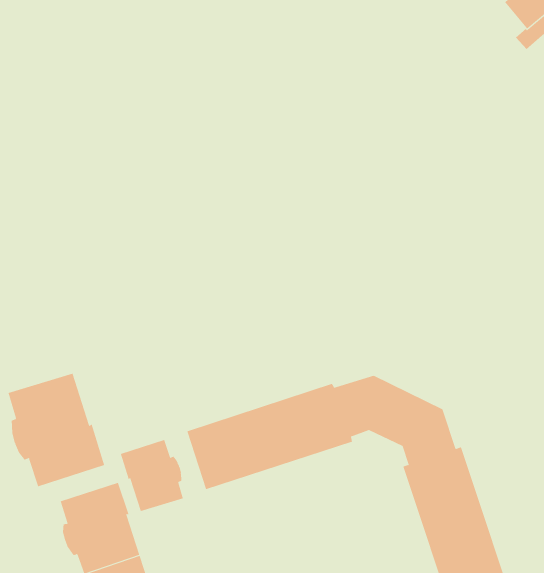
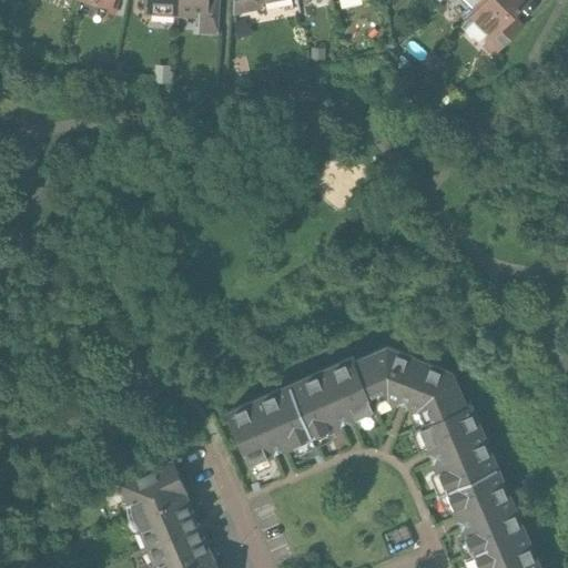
building: [8,373,105,487] -> none
building: [120,439,184,512] -> none

